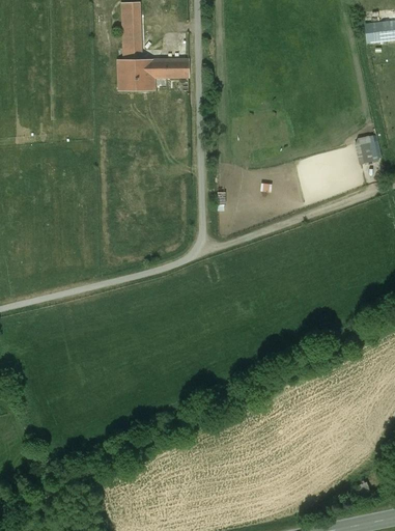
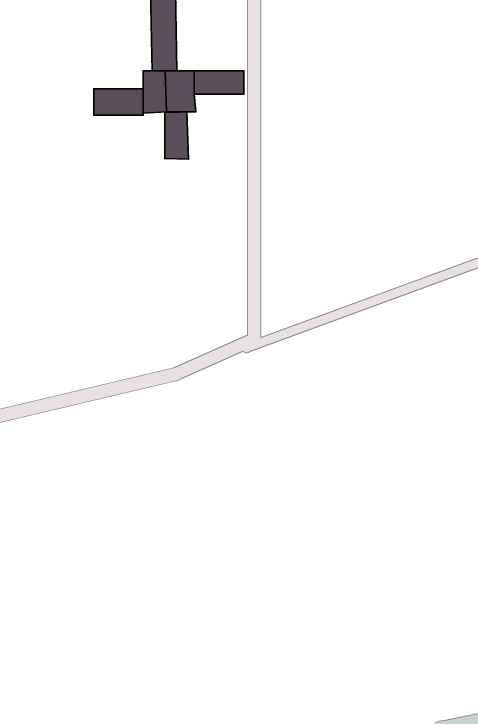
building: none -> [94,89,143,115]
building: none -> [165,112,189,159]

